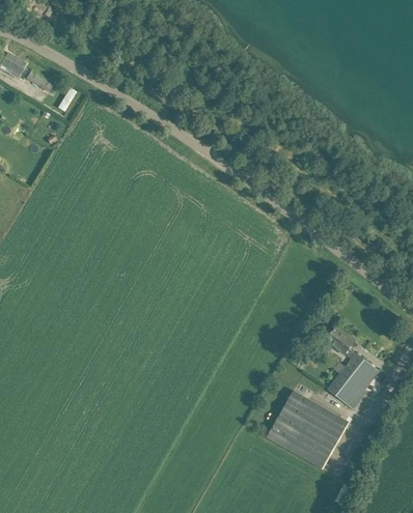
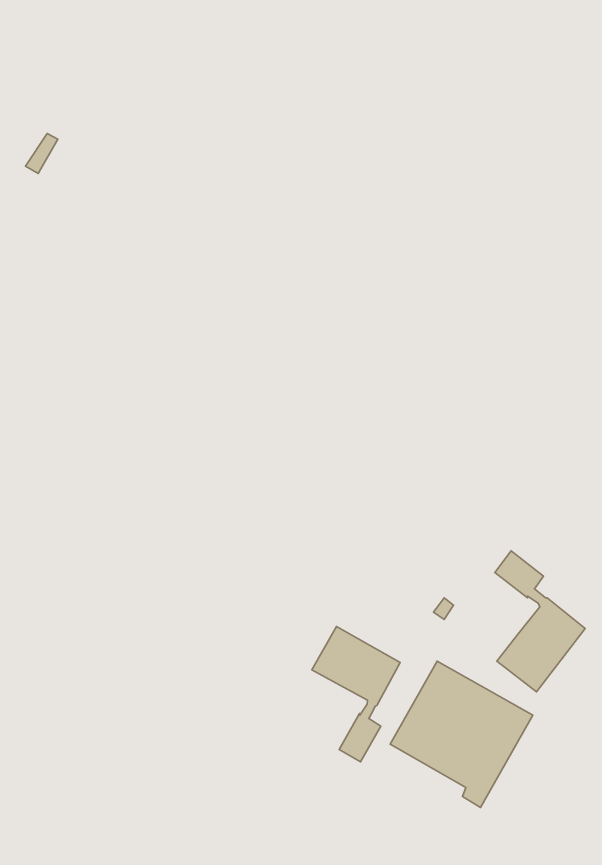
building: none -> [312,626,400,762]

